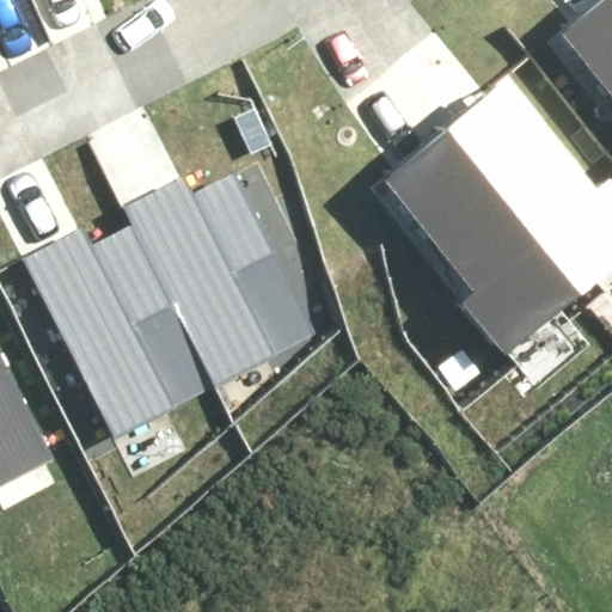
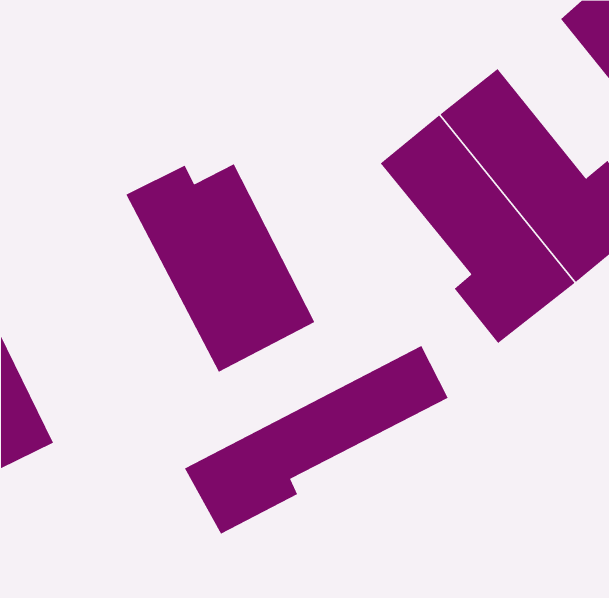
building: [20,220,220,440] -> none
building: none -> [184,345,448,535]

